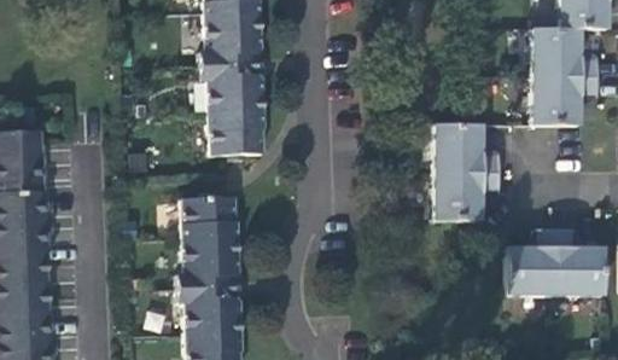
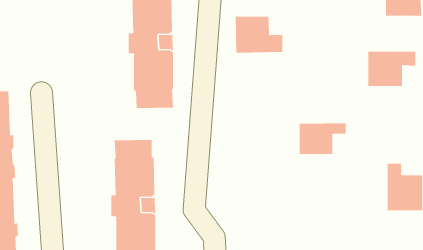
building: [530,28,596,77] -> none
building: [435,126,501,176] -> [235,16,283,53]
building: [506,231,556,296] -> none

